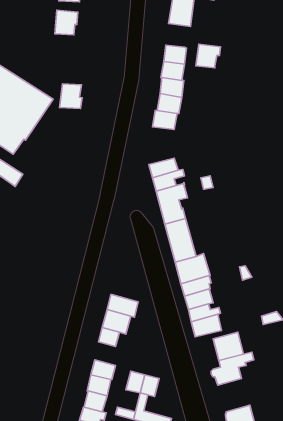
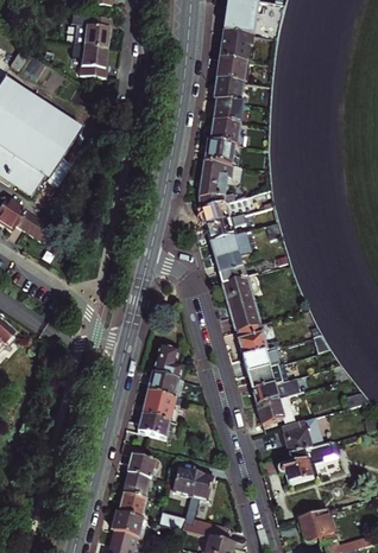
building: [196,44,221,68] -> [222,31,253,61]
building: [60,84,82,108] -> [80,44,108,75]
building: none -> [200,160,241,208]
building: none -> [155,345,187,379]

